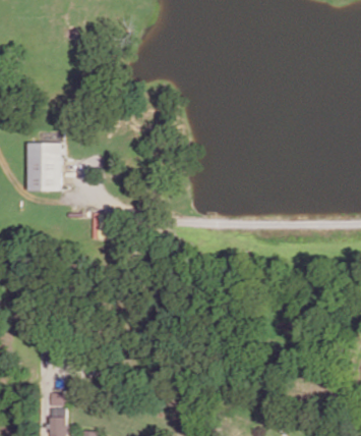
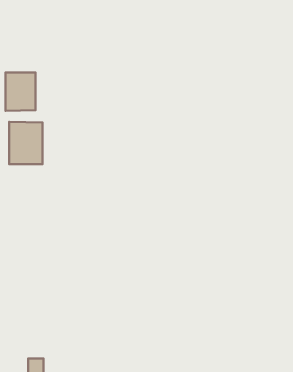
building: none -> [6,73,36,111]

